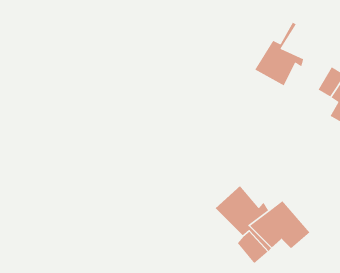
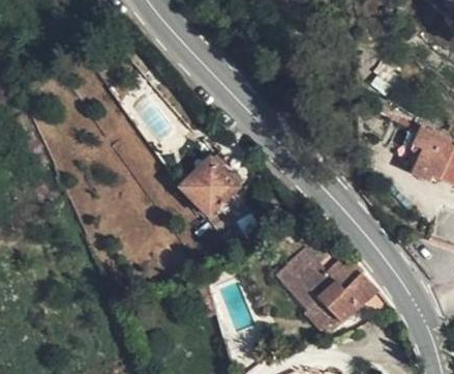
building: [254,21,304,86] -> none
building: none -> [171,151,230,208]

